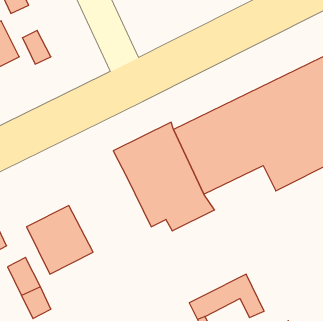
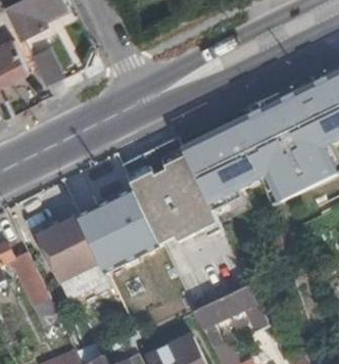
building: none -> [78,191,159,272]

